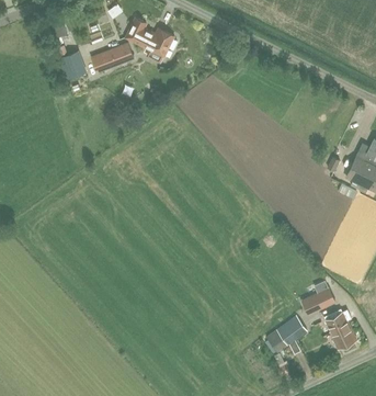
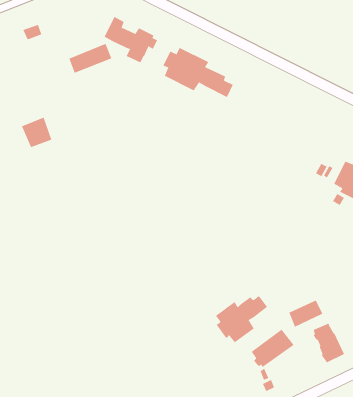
building: none -> [163,47,234,98]
building: [56,49,86,79] -> [21,117,52,148]
building: none -> [215,295,268,343]

